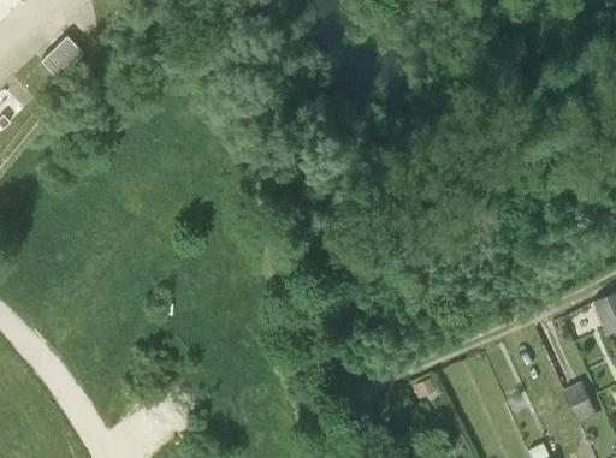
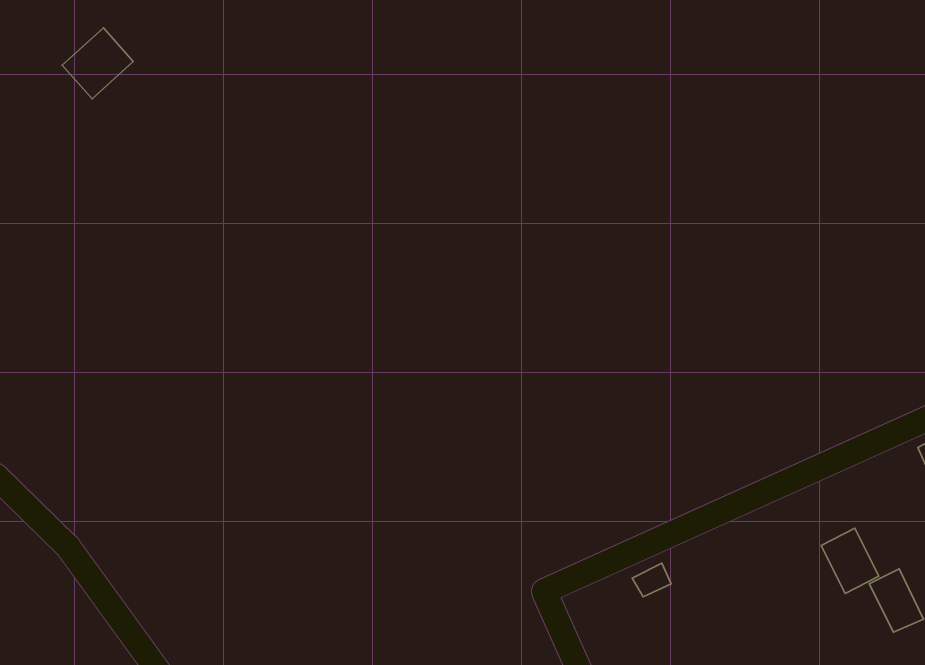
building: none -> [821,528,879,593]

